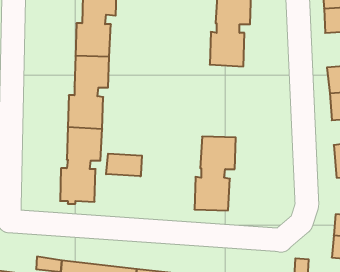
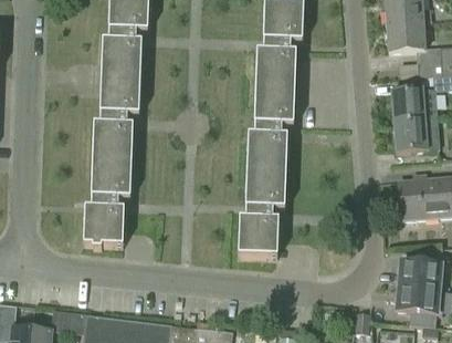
building: none -> [246,87,294,172]
building: [106,154,142,176] -> none

